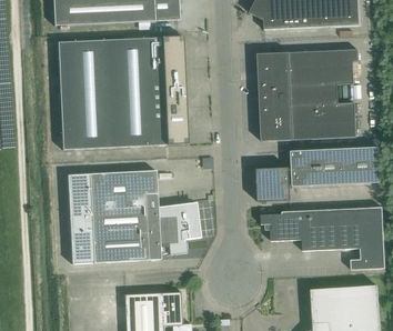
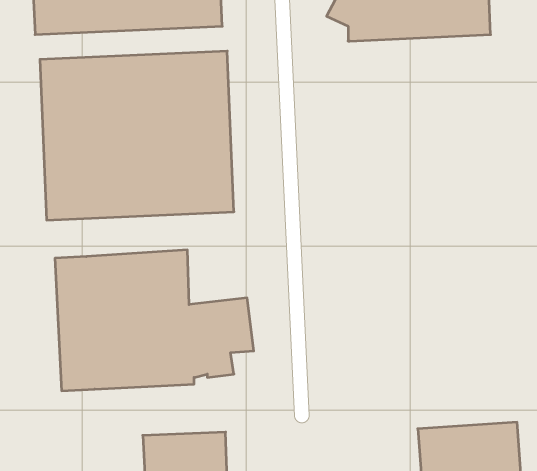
building: [256,48,357,140] -> none
building: [255,147,380,201] -> none
building: [260,207,384,269] -> none

